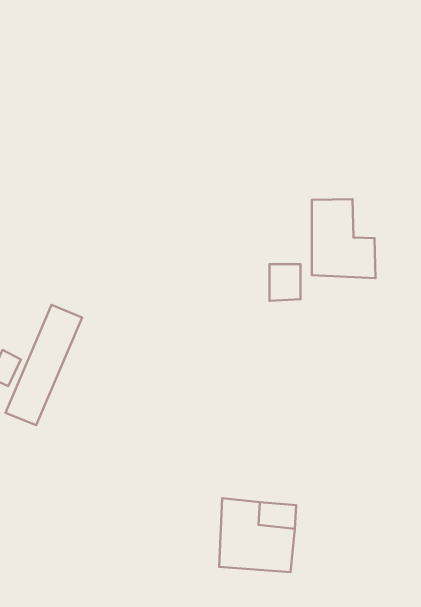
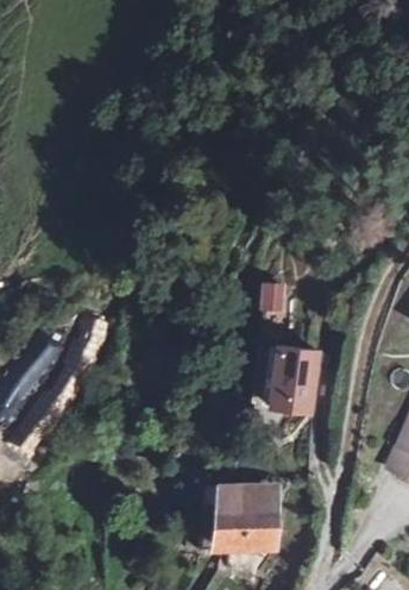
building: [312,199,376,278] -> none
building: none -> [270,351,319,415]

